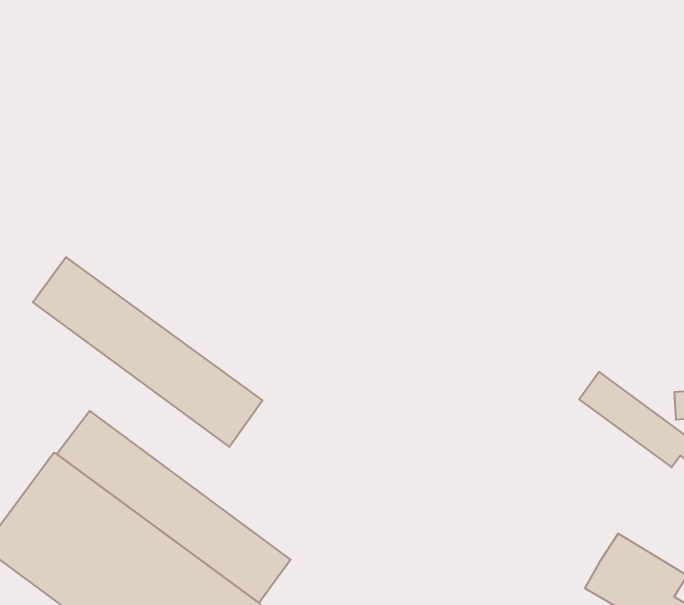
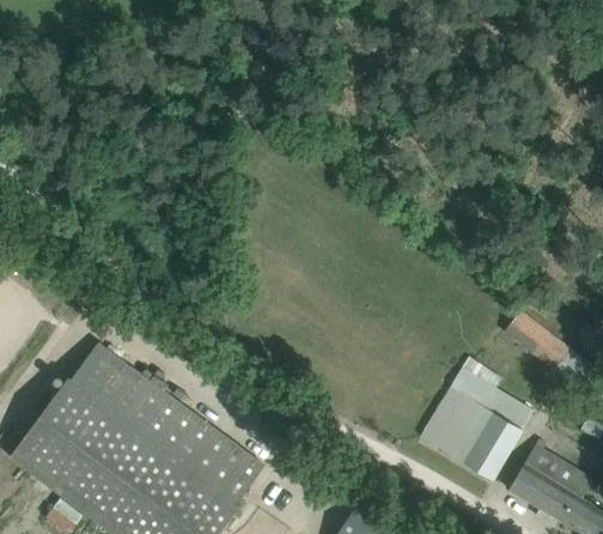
building: [33,257,262,447] -> none
building: none -> [421,358,534,480]

